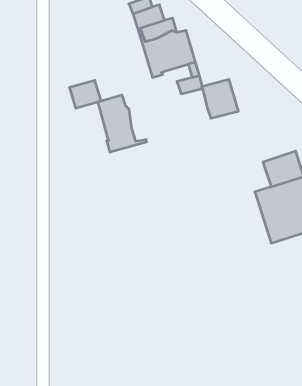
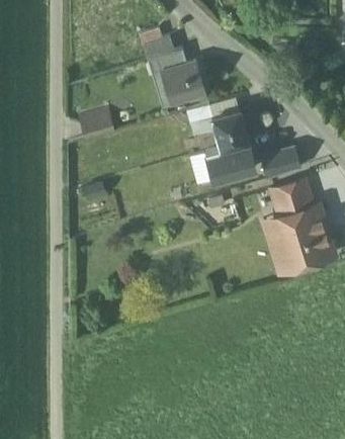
building: [98,95,146,152] -> none
building: none -> [206,141,256,181]
building: none -> [260,145,301,178]

